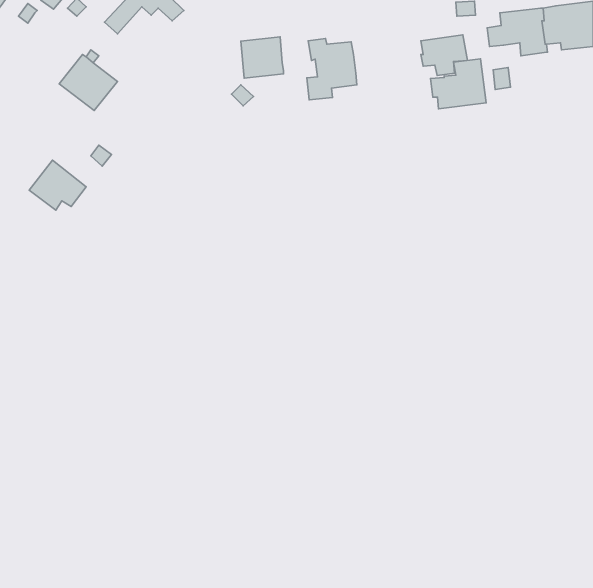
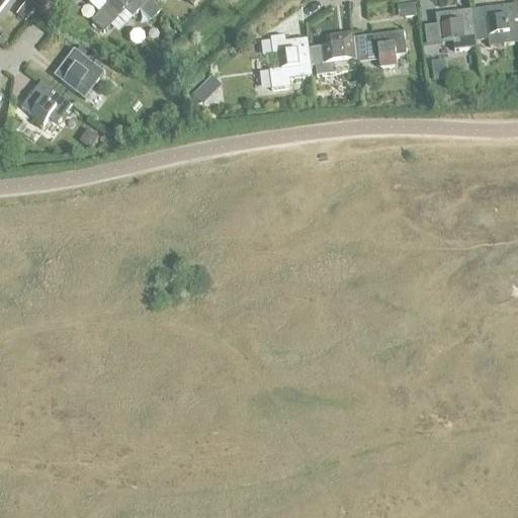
building: [241,37,283,78] -> none
building: [430,59,486,109] -> [308,30,356,74]
building: [29,160,86,210] -> [20,79,70,122]

